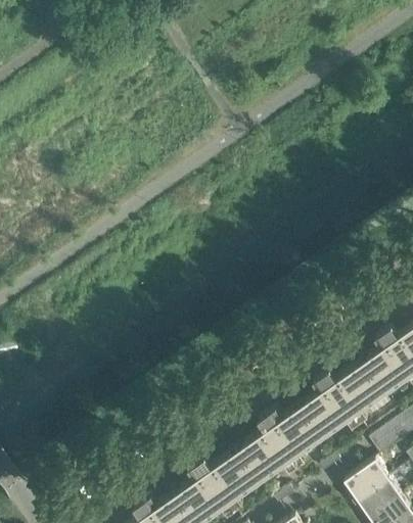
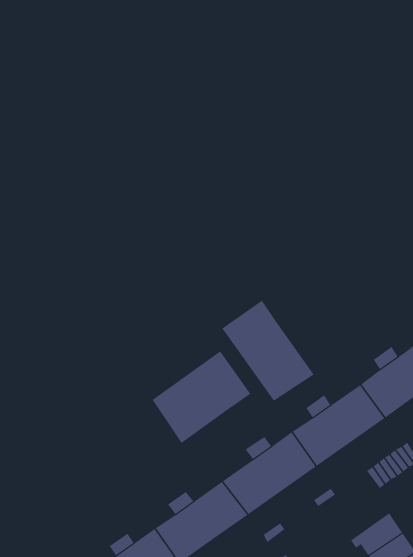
building: none -> [222,300,315,402]
building: none -> [152,351,251,444]
building: [342,459,387,504] -> none

